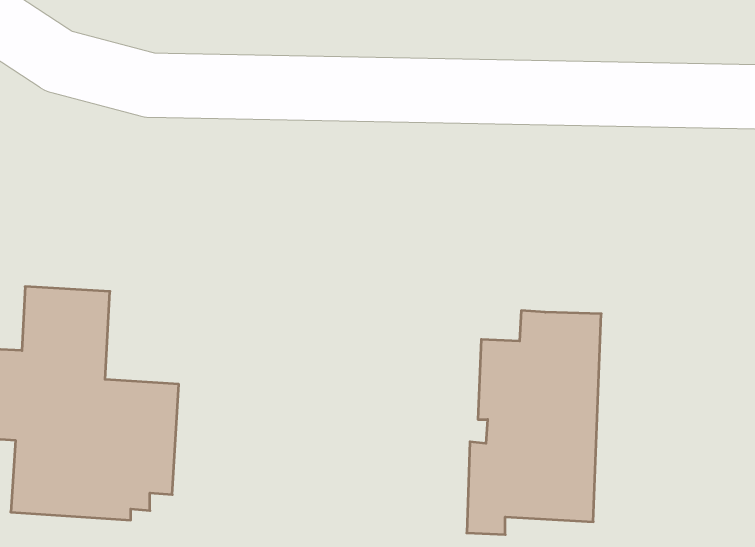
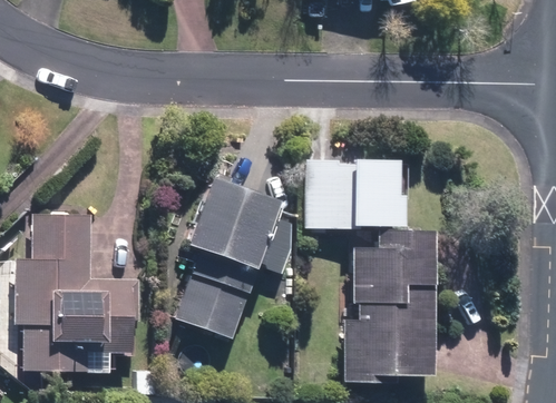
building: none -> [308,159,400,226]
building: none -> [172,177,300,340]

